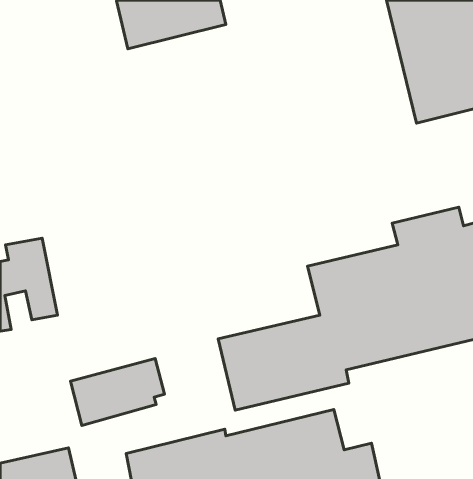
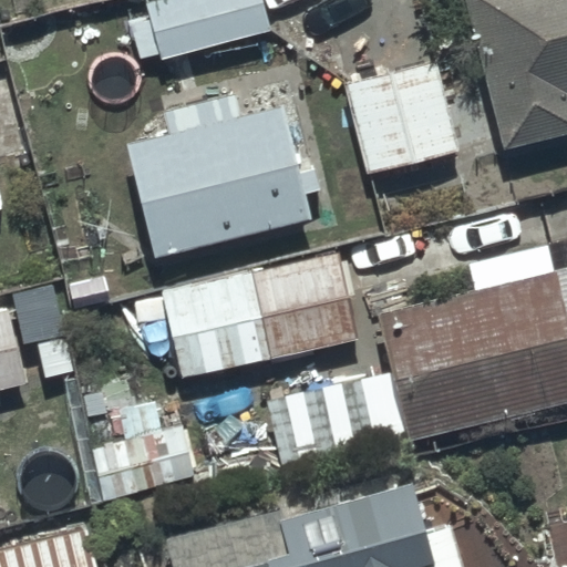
building: none -> [344,59,461,175]
building: none -> [126,95,329,257]
building: none -> [161,252,361,378]

